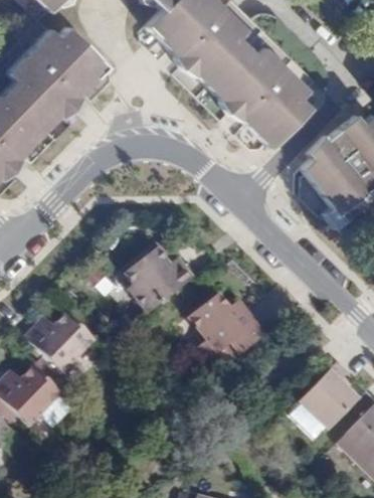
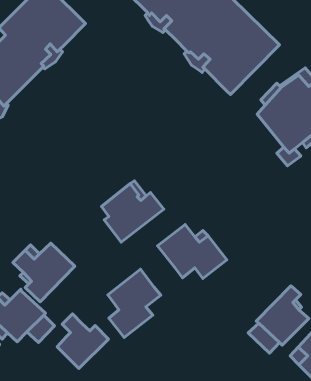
building: none -> [108,269,161,337]
building: none -> [57,314,108,369]

